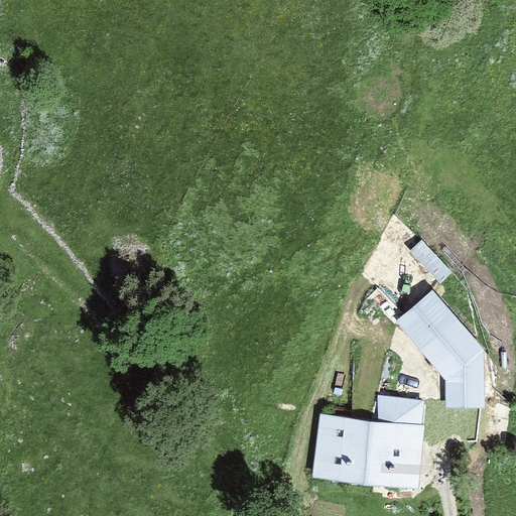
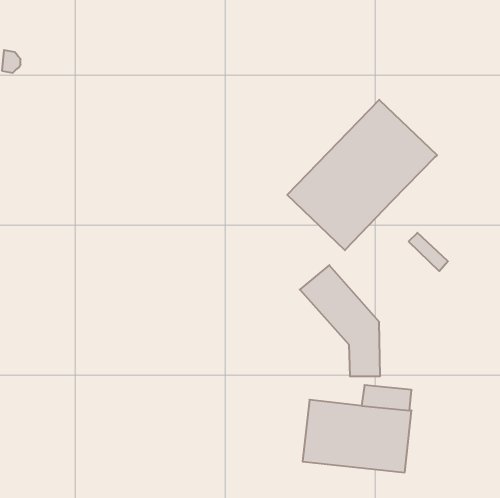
building: none -> [287,100,437,250]
building: [398,295,481,409] -> [300,265,380,376]

